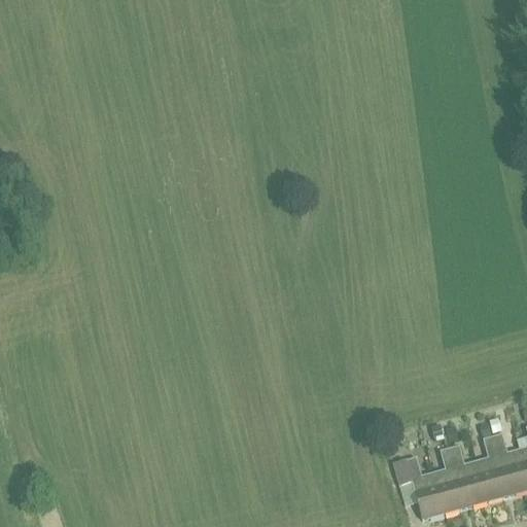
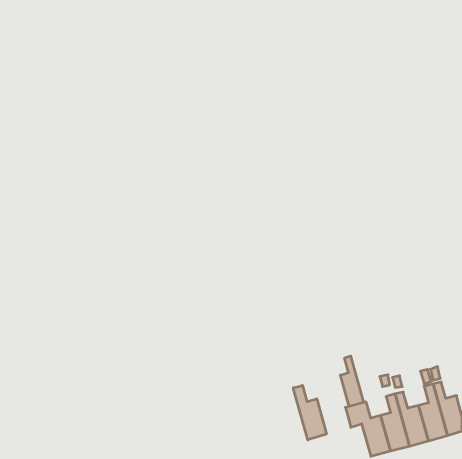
building: none -> [340,356,364,406]
building: none -> [293,385,326,440]

